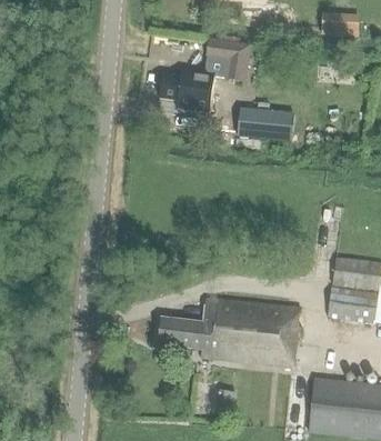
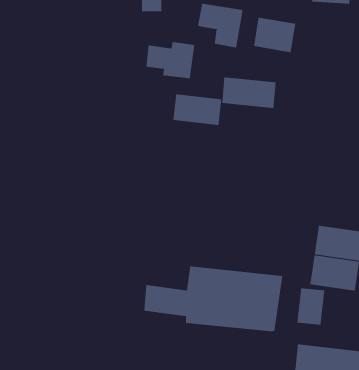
building: none -> [253,17,296,53]
building: none -> [173,94,222,126]
building: none -> [297,287,325,326]

